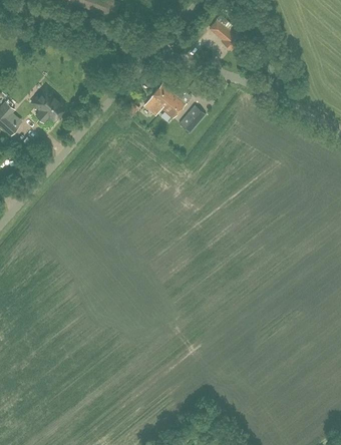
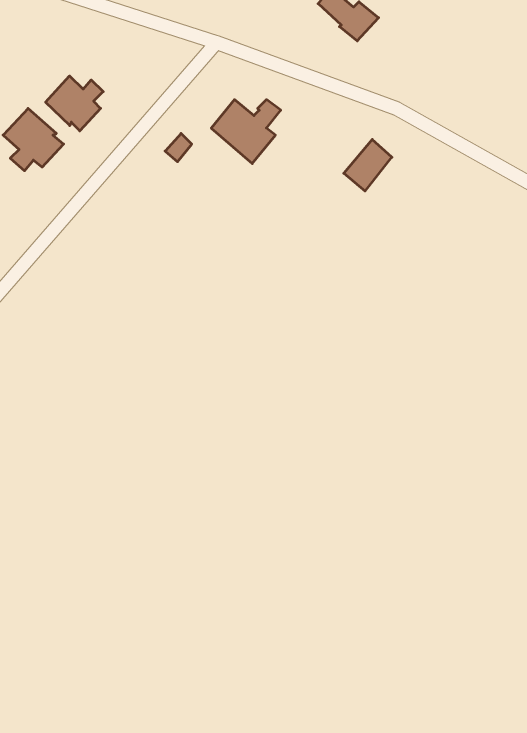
building: none -> [46,76,103,131]
building: [178,104,205,133] -> [344,139,392,191]

